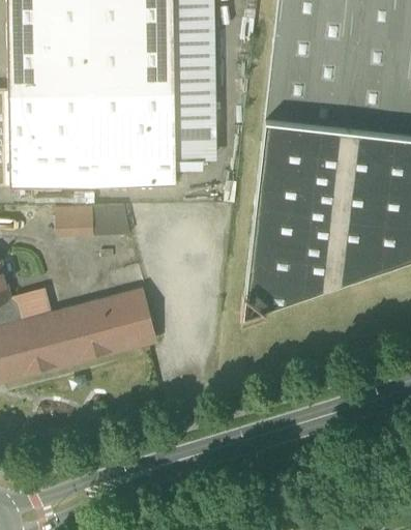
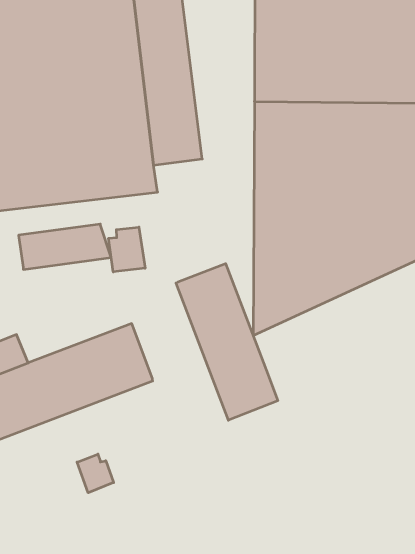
building: none -> [109,227,145,272]
building: none -> [176,264,278,420]
building: none -> [77,454,114,493]

